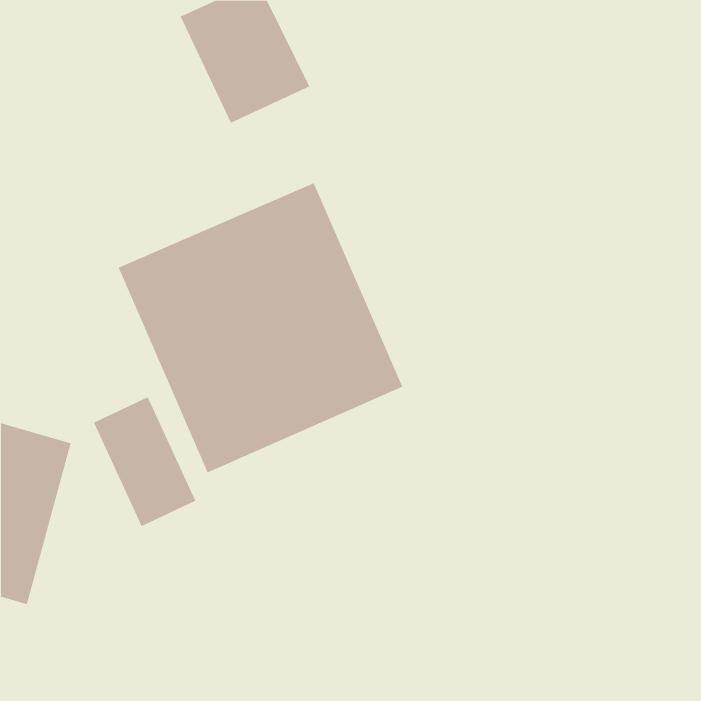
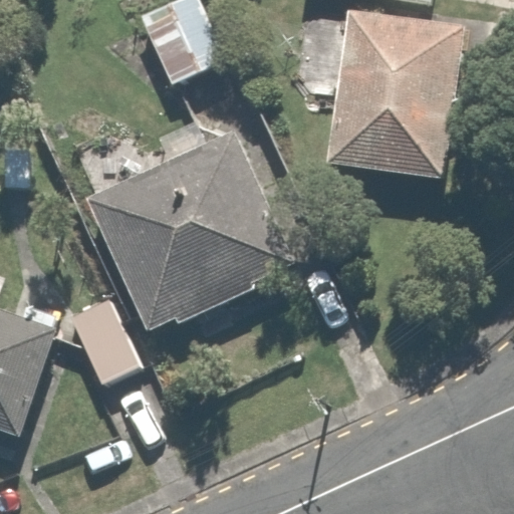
building: none -> [325,8,466,176]

